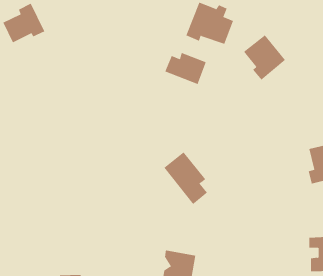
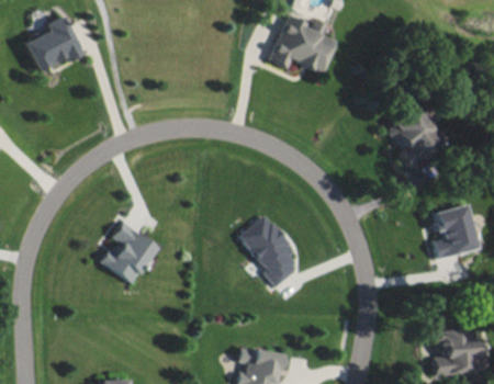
building: [243,34,286,80] -> [385,106,442,168]
building: [165,52,207,85] -> none
building: none -> [102,223,158,283]

